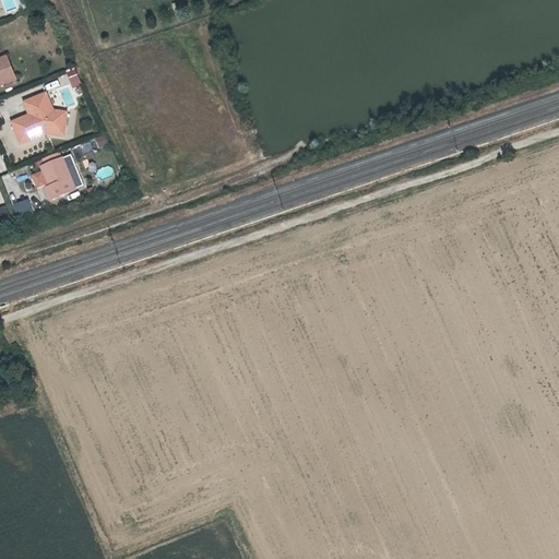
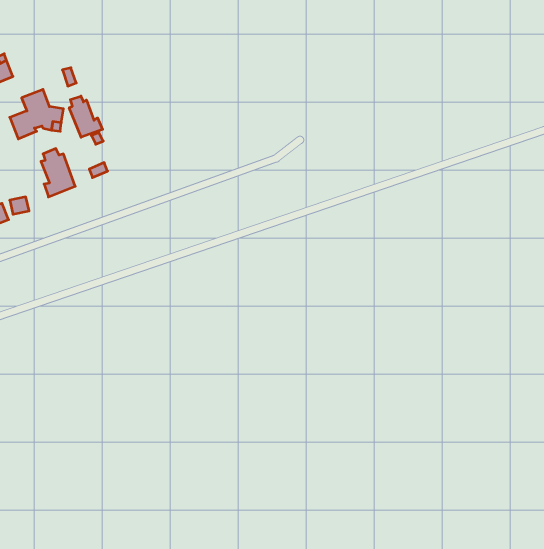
building: none -> [69,96,103,137]

